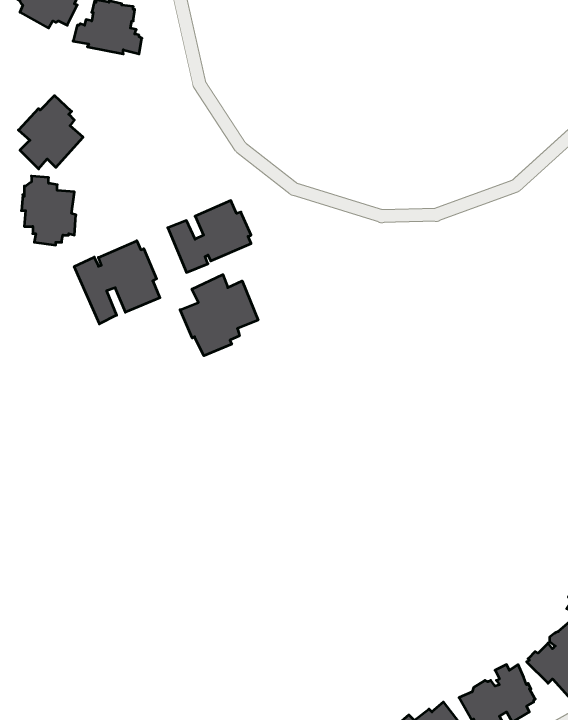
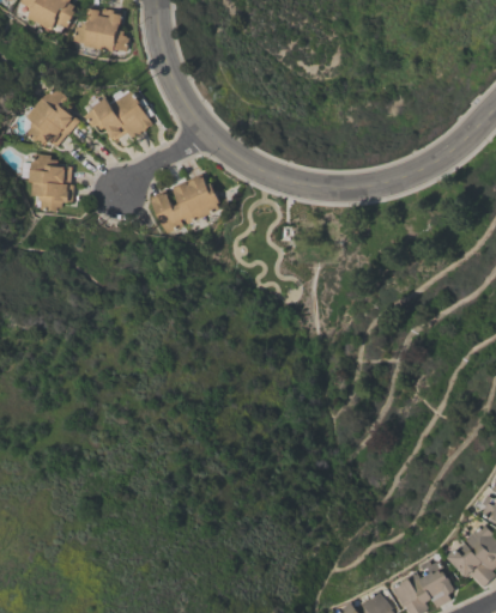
building: none -> [83,90,152,140]
building: [74,241,160,324] -> none
building: [180,275,258,356] -> none

